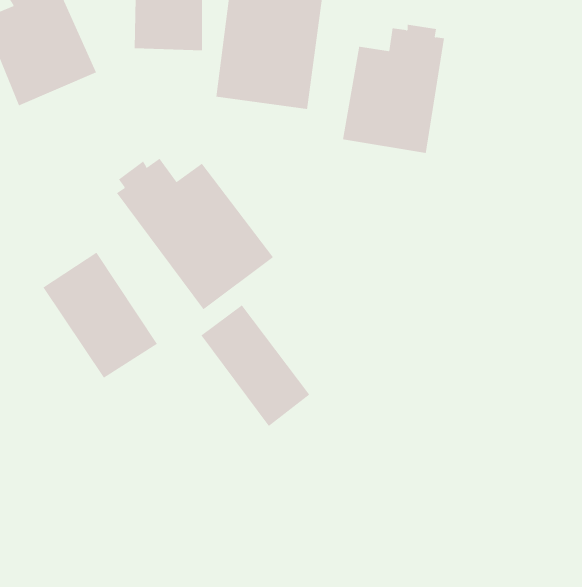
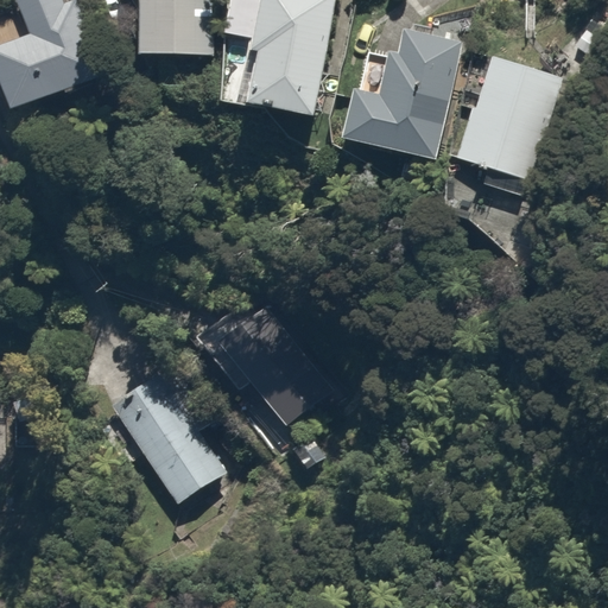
building: none -> [454,51,563,197]
building: [116,158,274,310] -> none
building: [43,252,158,379] -> [108,369,227,500]

